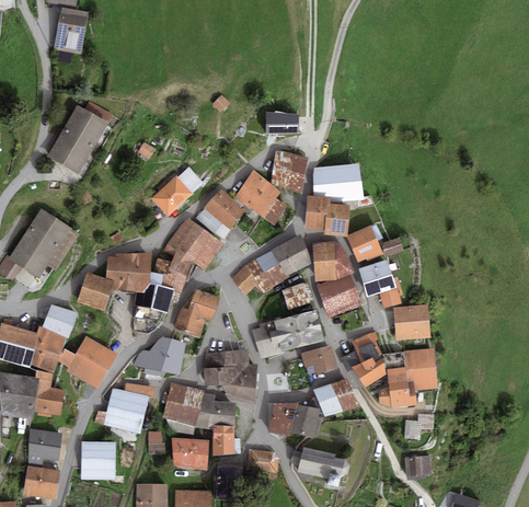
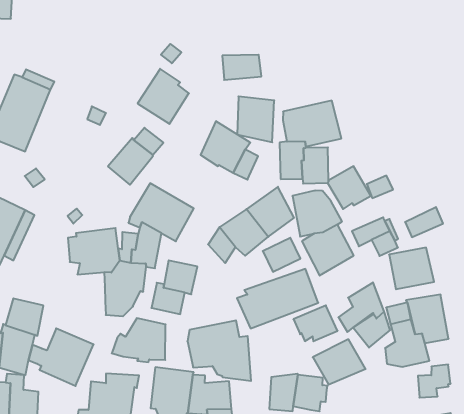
building: [197,187,244,238] -> [138,69,189,124]
building: [358,257,392,281] -> [405,207,443,237]
building: [78,270,115,309] -> none

